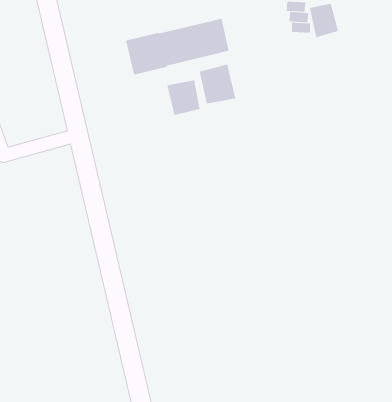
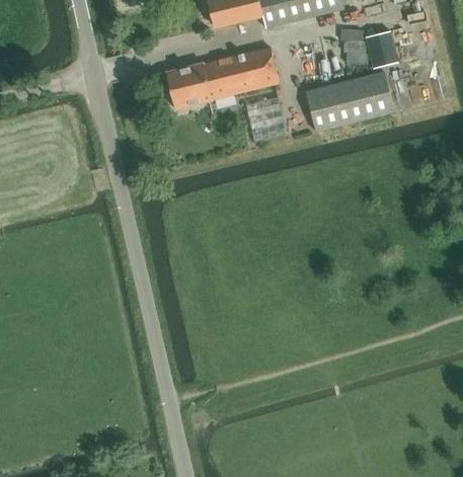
building: none -> [305,72,394,131]
building: [167,80,200,116] -> none

